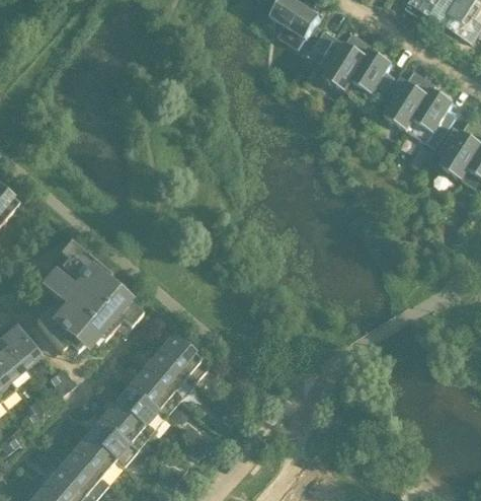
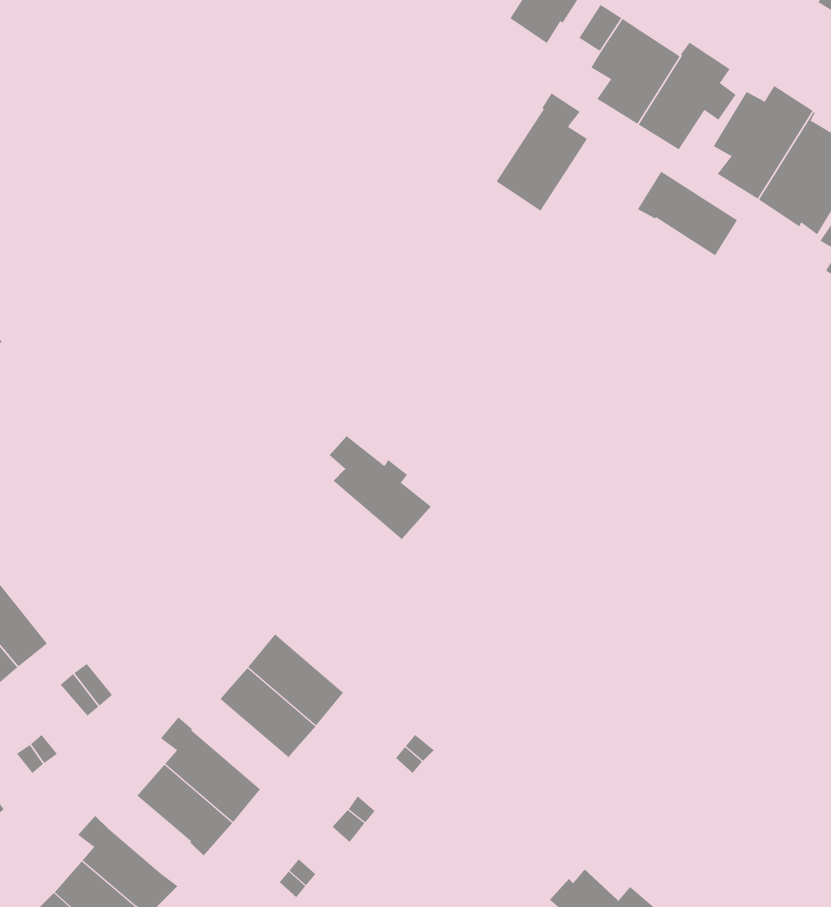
building: none -> [496,92,588,212]
building: none -> [637,171,738,256]
building: [34,239,141,350] -> none
building: [155,328,208,381] -> [329,435,431,540]
building: [114,384,164,431] -> none
building: [72,434,113,475] -> none

